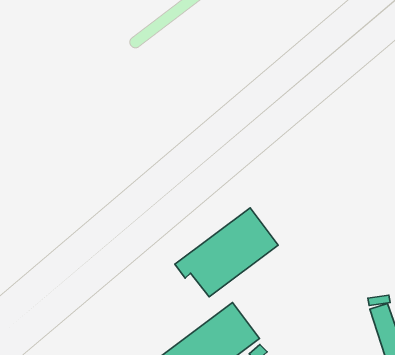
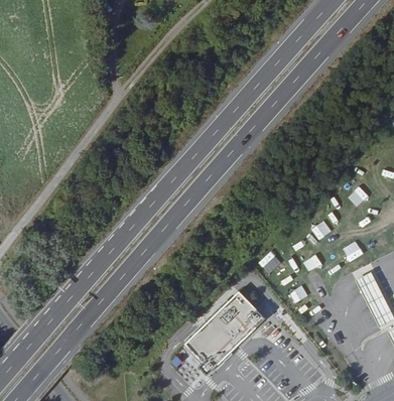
building: [175,208,278,297] -> none

